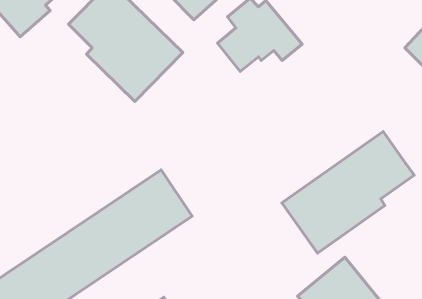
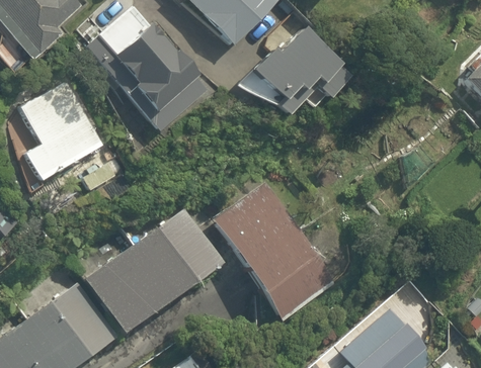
building: none -> [19,78,108,184]
building: [282,131,414,253] -> none
building: none -> [212,180,338,319]

